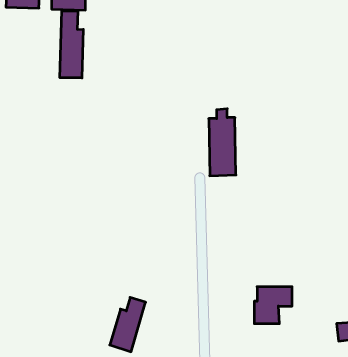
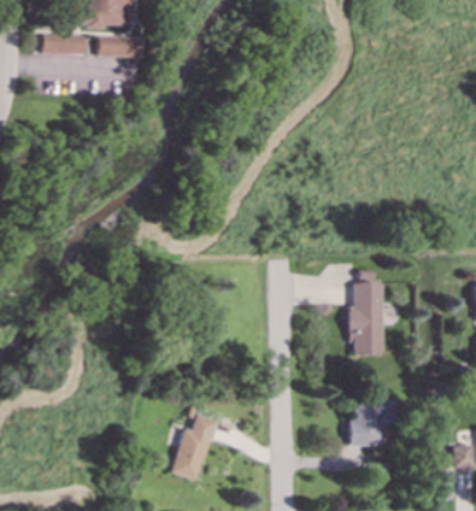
building: [60,11,83,78] -> none
building: [209,109,236,176] -> [351,271,384,354]

